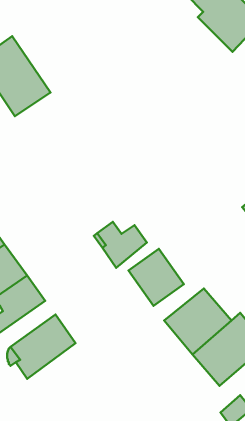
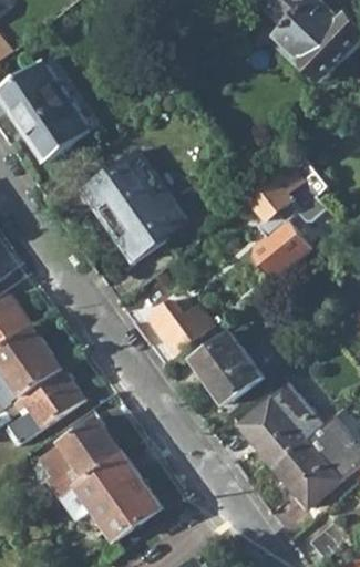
building: none -> [84,151,184,260]
building: none -> [248,154,325,281]
building: none -> [60,452,161,539]

